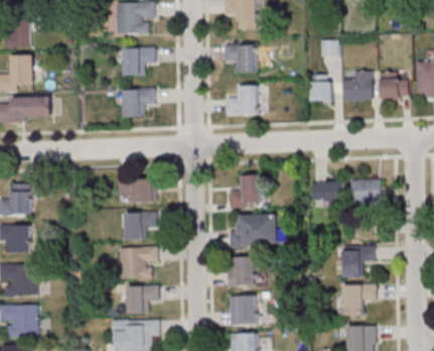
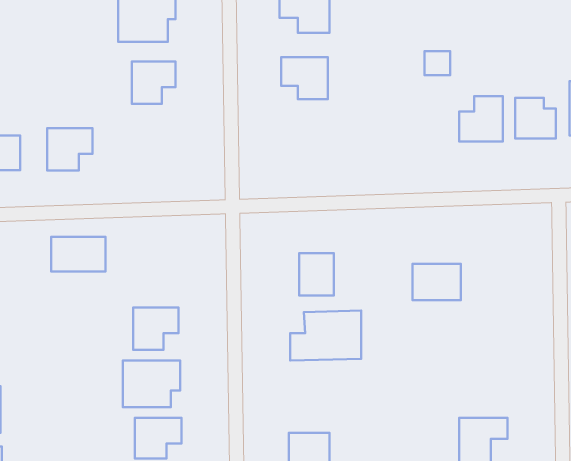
building: [311,76,331,102] -> none
building: [227,86,258,113] -> none
building: [124,89,154,117] -> [47,128,93,170]
building: [119,180,155,203] -> [51,237,105,272]
building: [350,181,381,208] -> none
building: [343,244,373,277] -> none
building: [228,257,255,286] -> none

